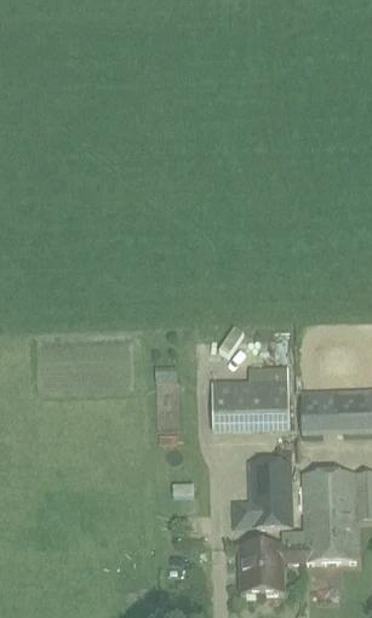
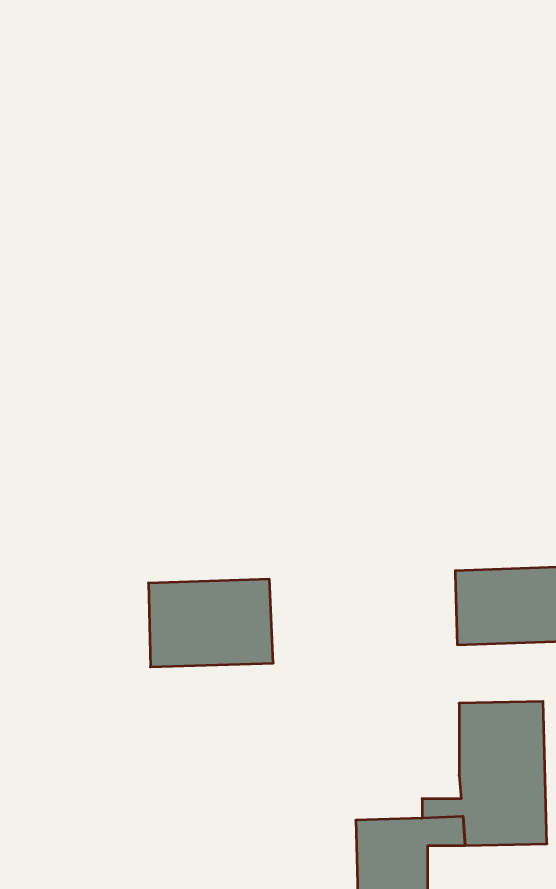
building: [211,378,288,433] -> [148,579,273,667]
building: [250,459,293,525] -> none

